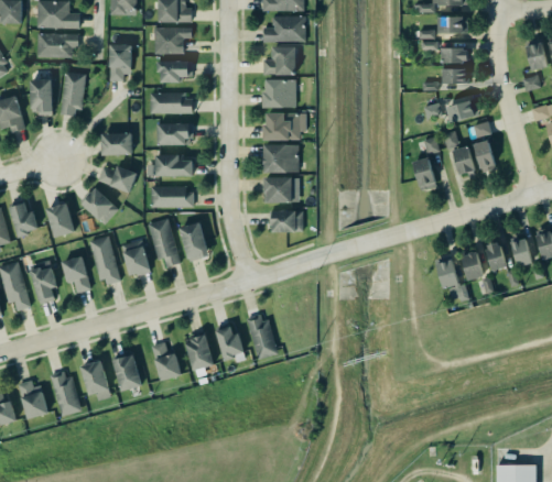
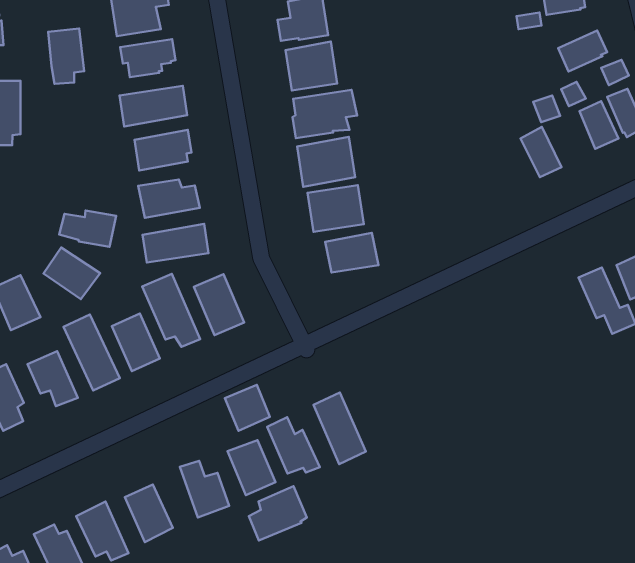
building: [102,133,133,155] -> none
building: none -> [225,385,270,431]
building: none -> [249,486,307,540]

